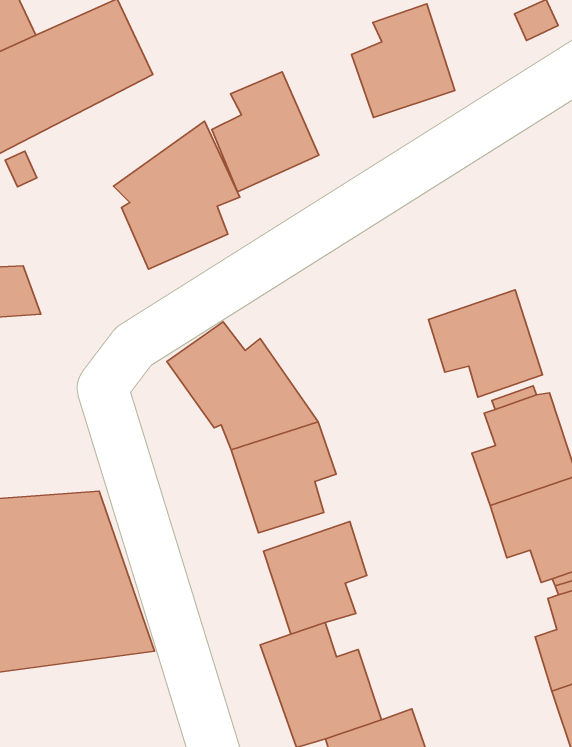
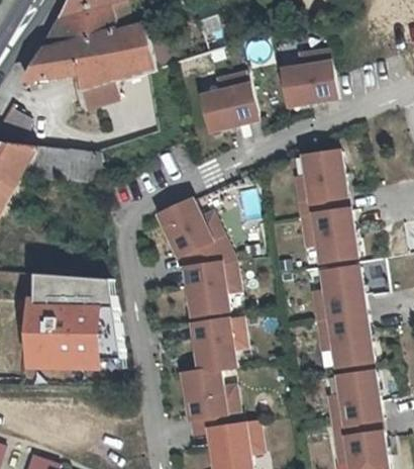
building: [114,121,240,269] -> none
building: none -> [294,151,348,216]

